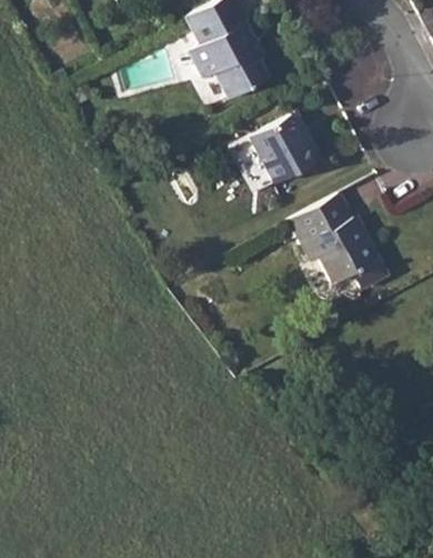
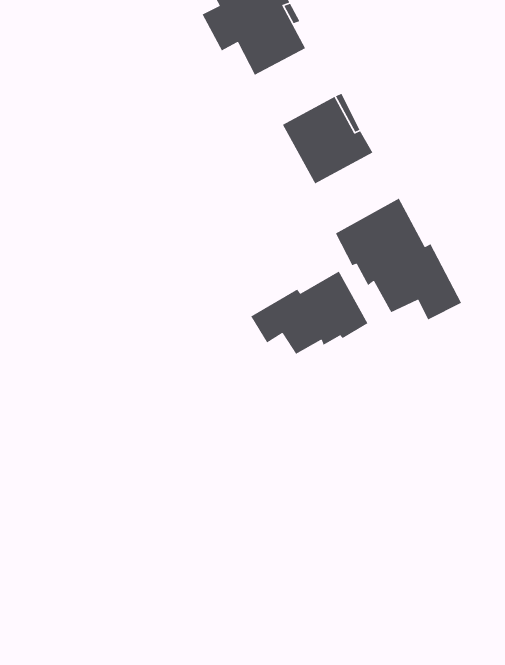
building: none -> [250,270,369,355]

